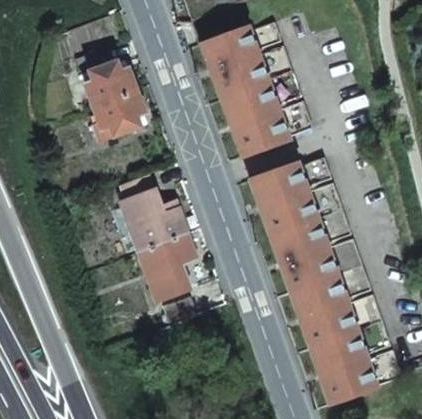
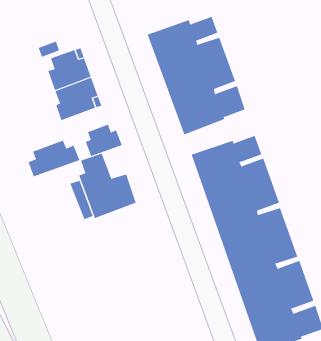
building: none -> [85,124,122,157]
building: none -> [28,140,80,177]
building: [140,234,196,300] -> none

